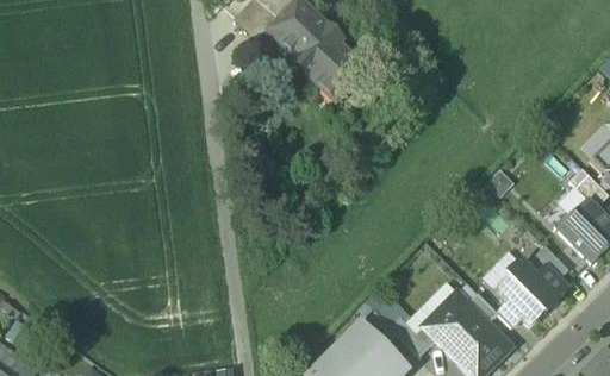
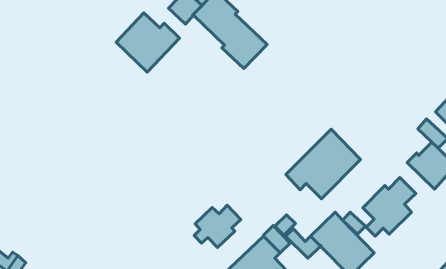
building: none -> [116,13,179,72]
building: none -> [286,129,361,199]
building: none -> [194,205,241,248]

